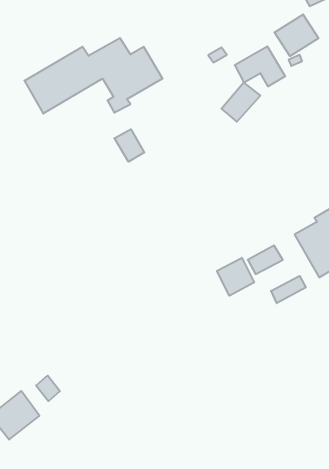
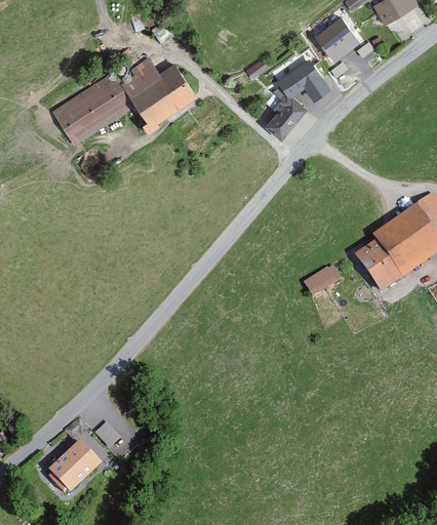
building: [114,129,144,162] -> none
building: [217,258,254,296] -> none
building: [271,276,306,303] -> none

